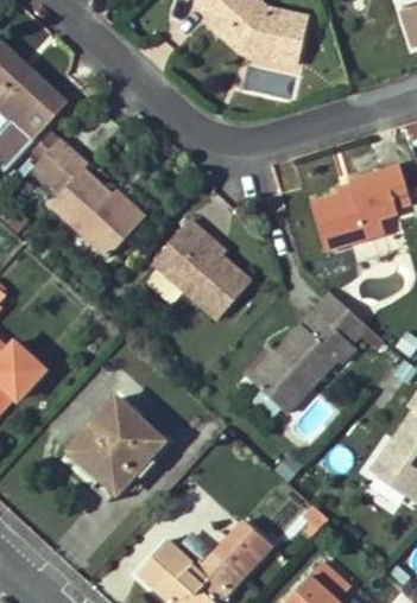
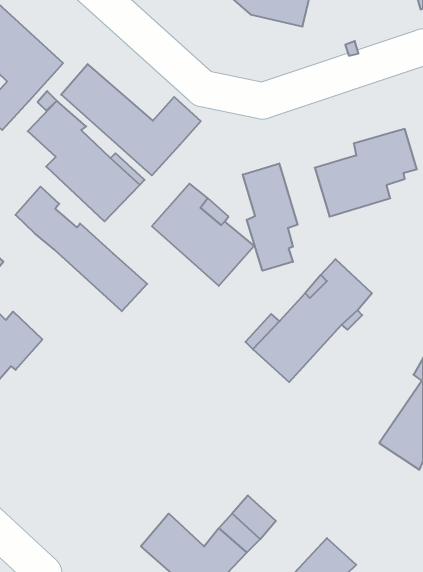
building: none -> [61,64,201,175]
building: none -> [243,163,298,271]
building: none -> [15,187,147,311]
building: [69,398,163,488] -> none

